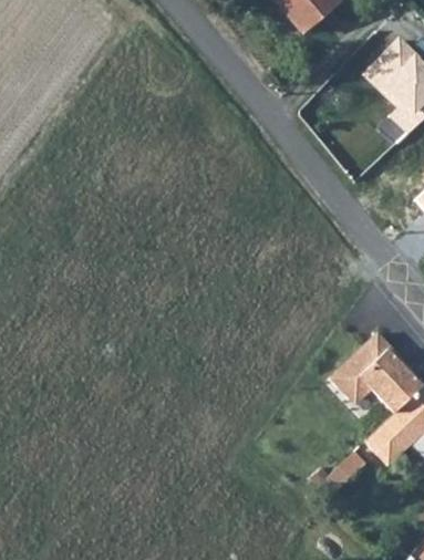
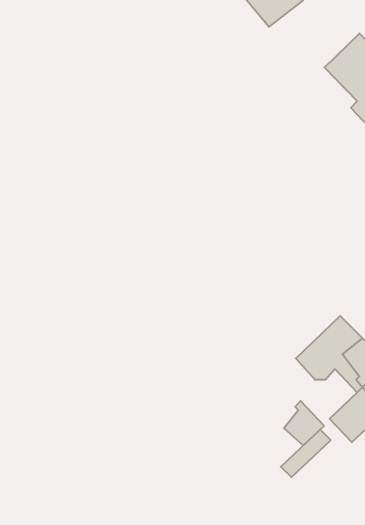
building: none -> [284,401,324,446]

